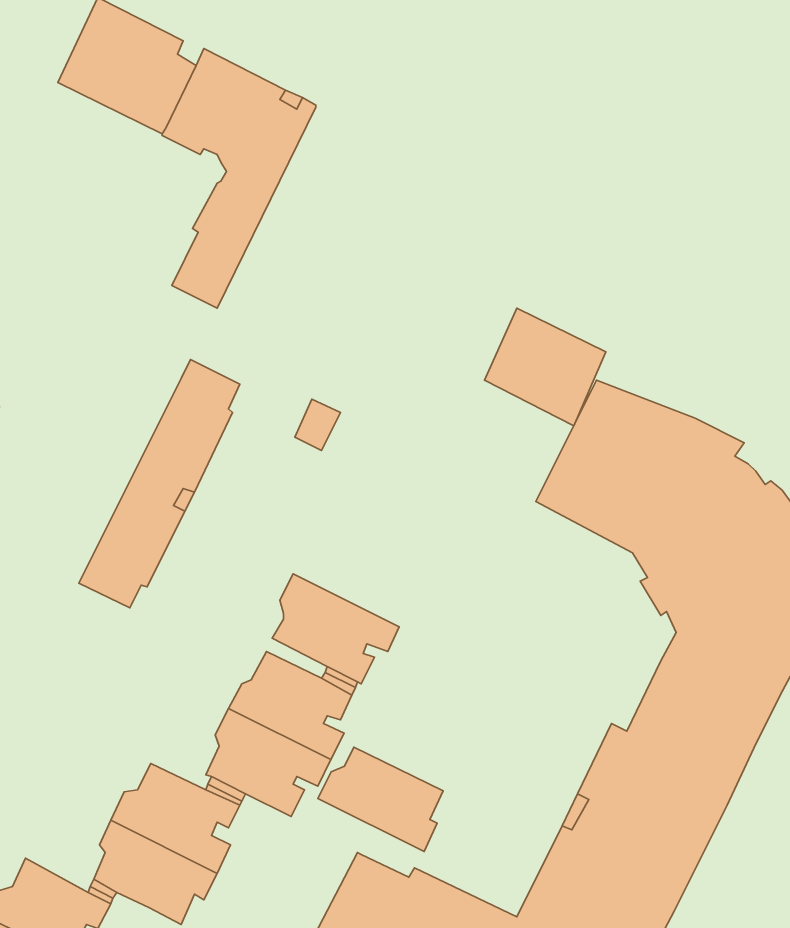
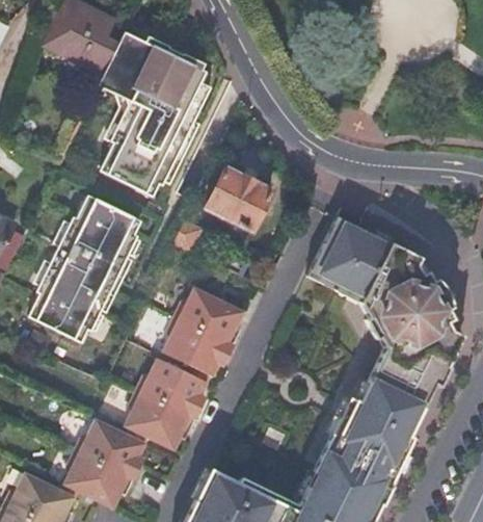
building: none -> [132,61,211,186]
building: [485,308,606,426] -> [203,166,269,231]
building: none -> [31,188,117,323]
building: [318,747,443,852] -> [173,290,242,347]

